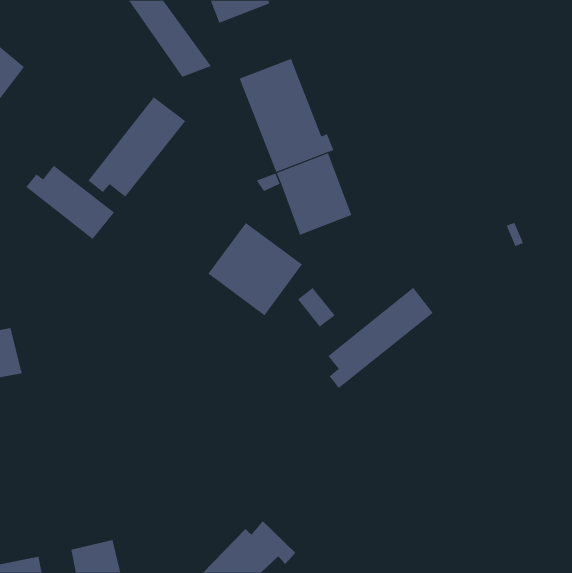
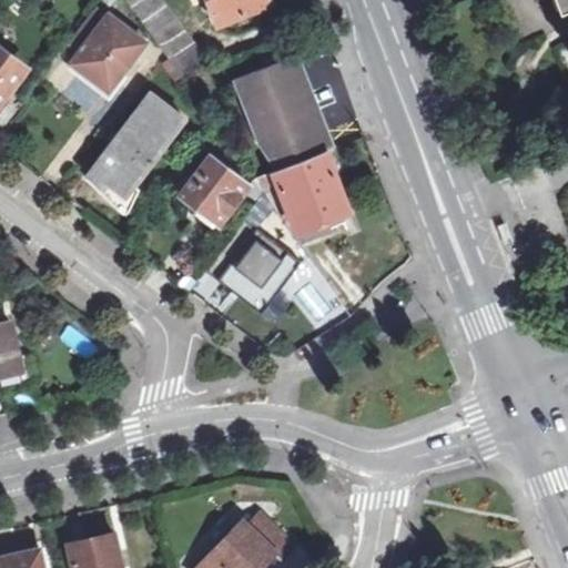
building: none -> [74,16,146,90]
building: none -> [182,155,250,226]
building: [26,165,115,240] -> none
building: [328,287,433,389] -> none

